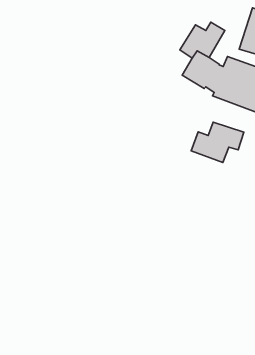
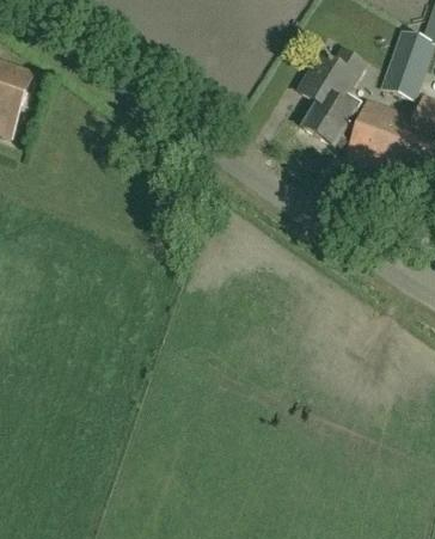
building: [191,122,244,162] -> none

